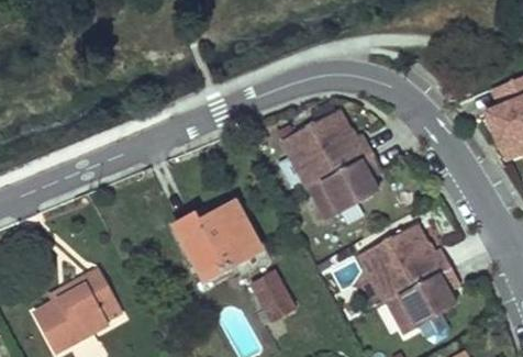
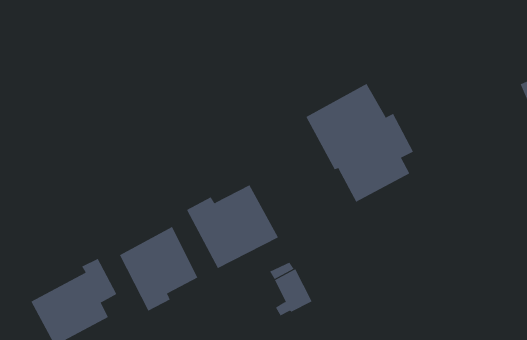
building: [360,223,459,333] -> none
building: none -> [119,226,198,312]

